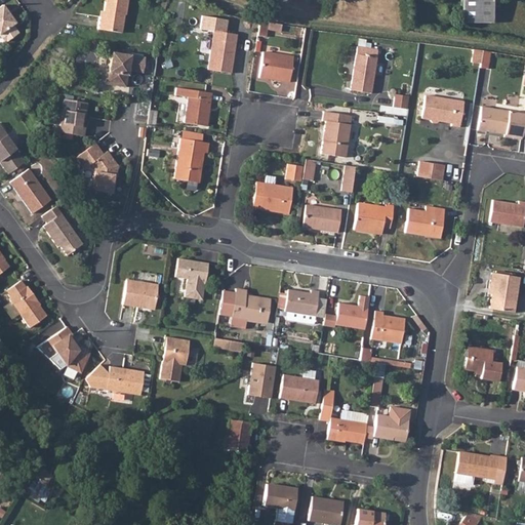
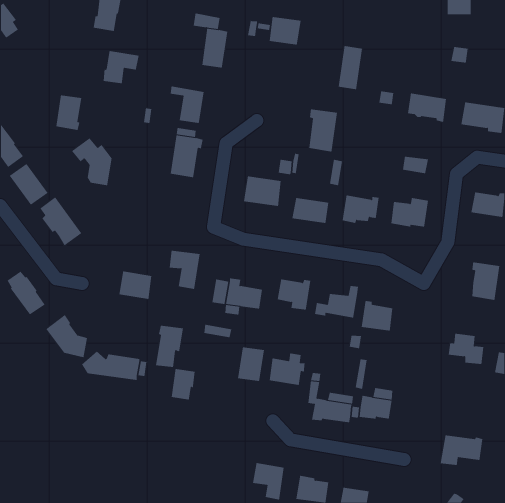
building: [259,53,293,83] -> [269,16,301,45]
building: [224,416,249,449] -> [171,369,195,400]

